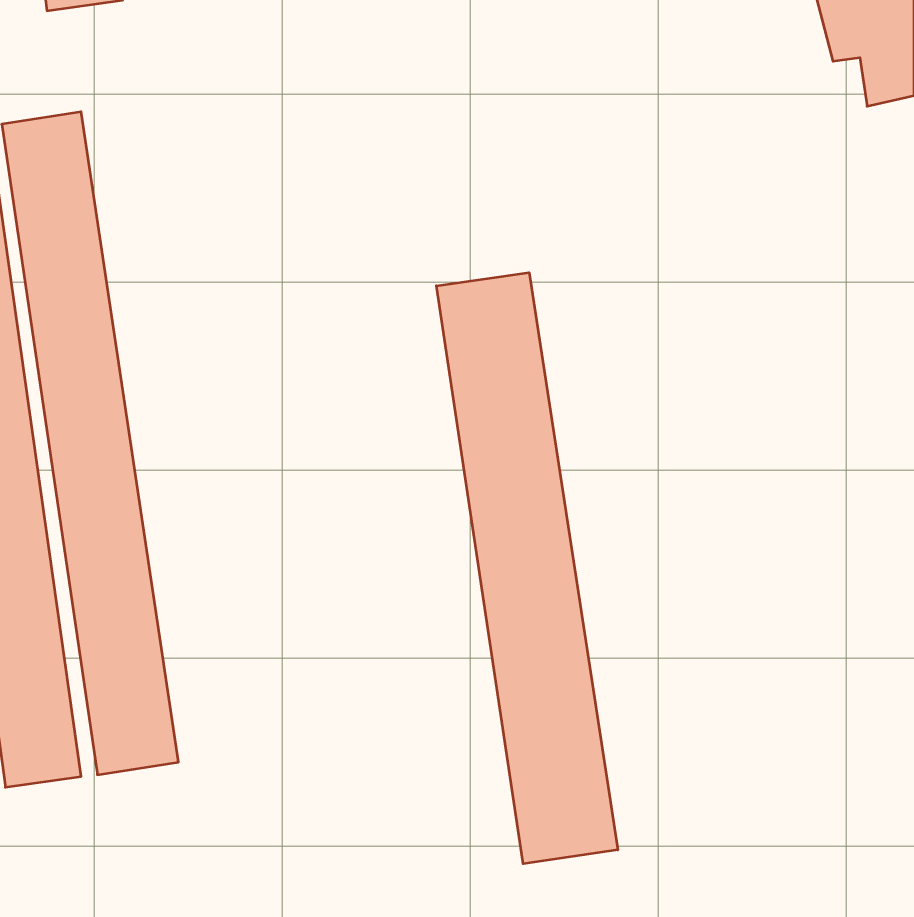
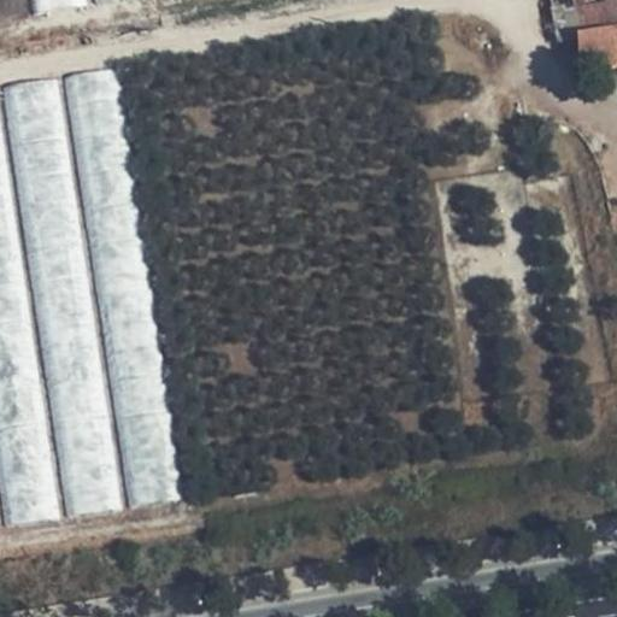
building: none -> [64,66,181,507]
building: [436,273,618,864] -> none

